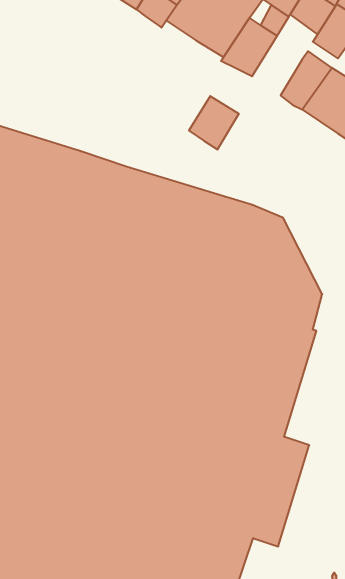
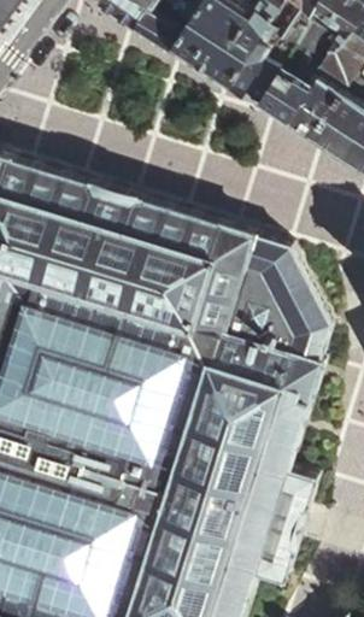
building: [189,96,239,150] -> [259,70,310,124]

